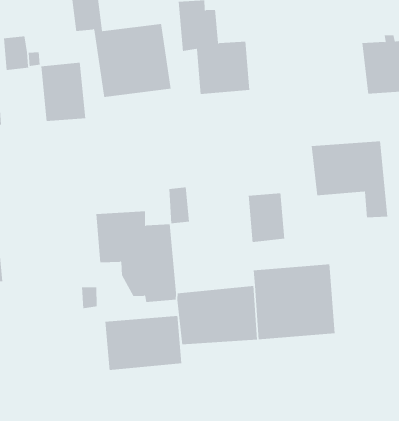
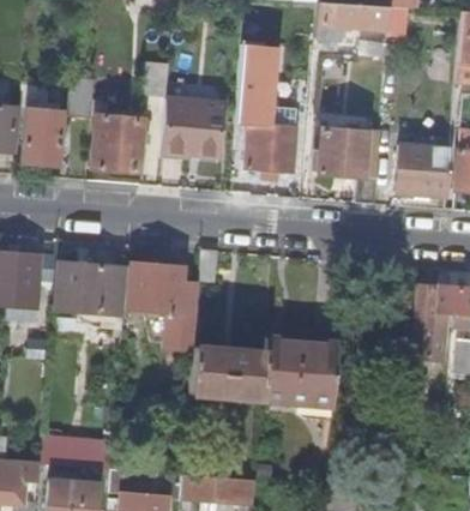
building: [311,141,388,218] -> [313,127,380,204]
building: [248,193,285,243] -> none
building: [104,316,182,370] -> [56,263,128,313]

